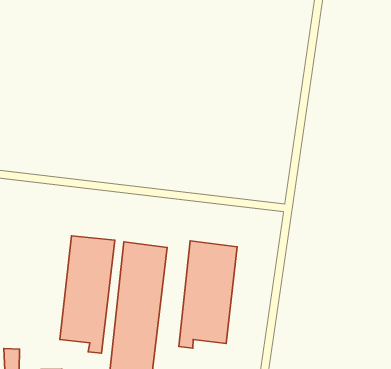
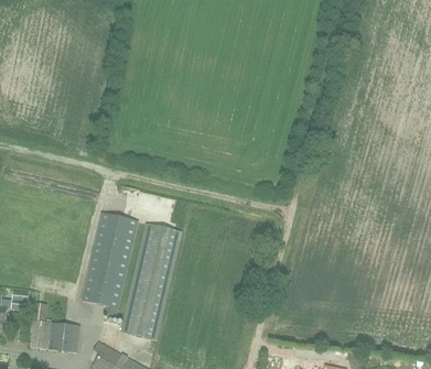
building: [179,241,237,348] -> none

